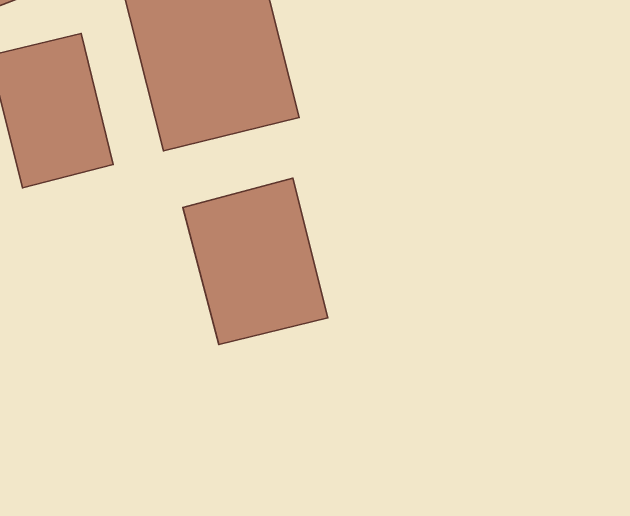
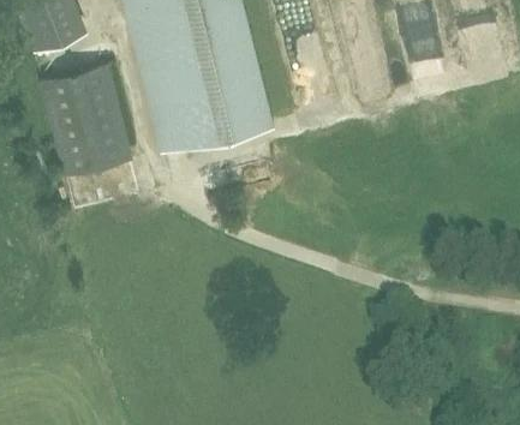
building: [183,178,328,345] -> none

